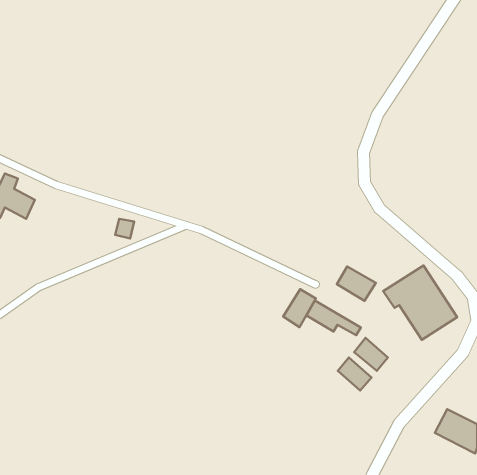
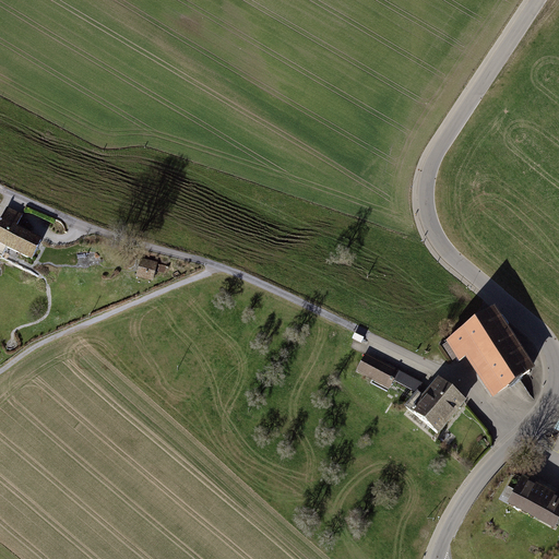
building: [337,266,376,301] -> none
building: [283,289,316,327] -> none
building: [338,358,371,390] -> [426,378,465,416]

